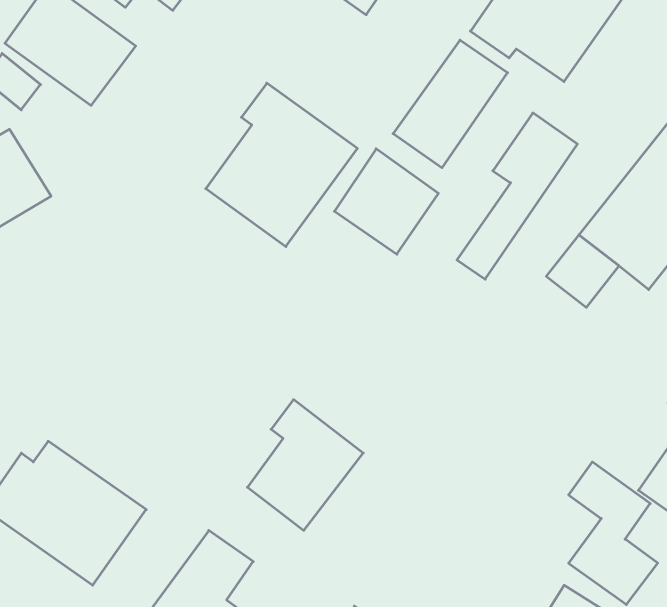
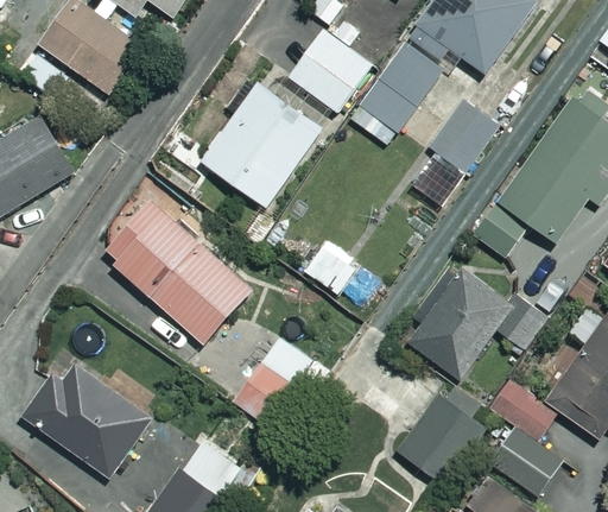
building: [334,149,438,254] -> [289,30,372,114]
building: none -> [101,178,251,345]
building: none -> [405,268,540,379]
building: none -> [395,394,483,485]

